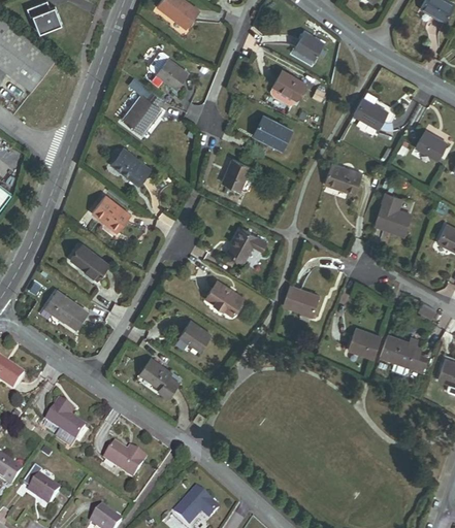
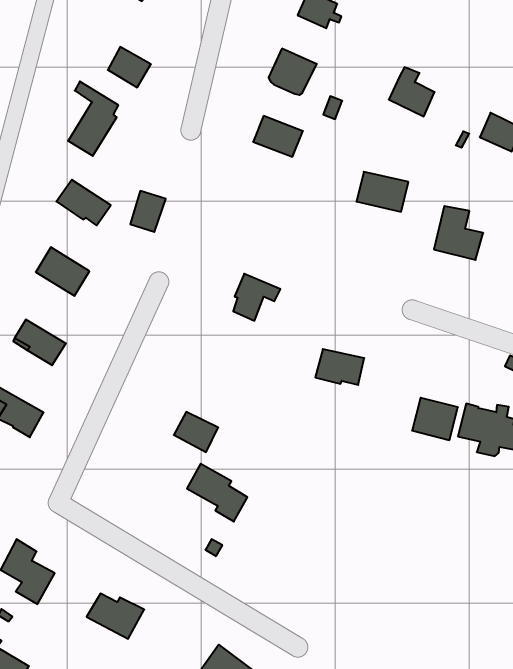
building: [222,159,249,189] -> [130,191,166,232]
building: [204,280,242,315] -> none
building: [138,357,181,400] -> [187,464,247,522]

